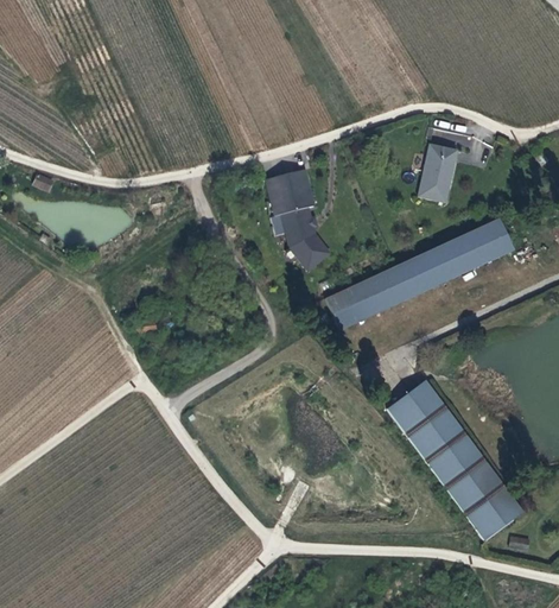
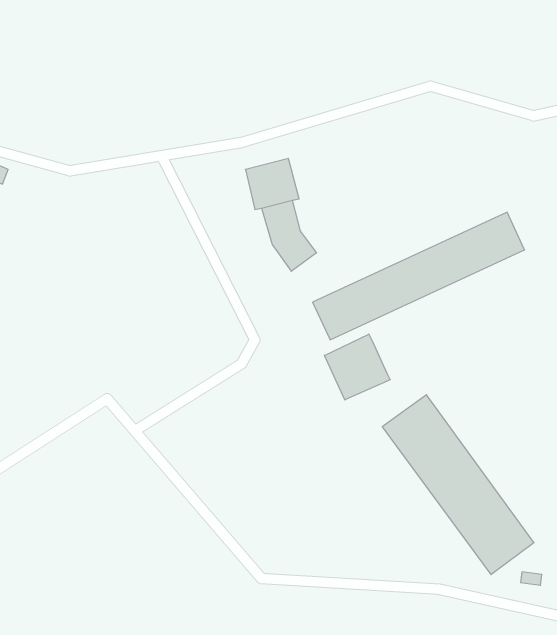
building: [418,145,457,202] -> none
building: none -> [324,334,390,400]

